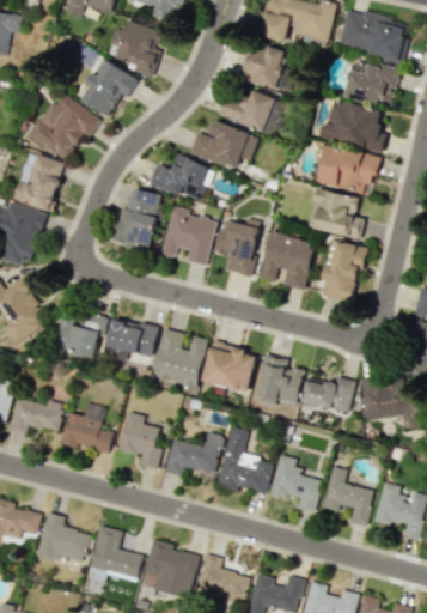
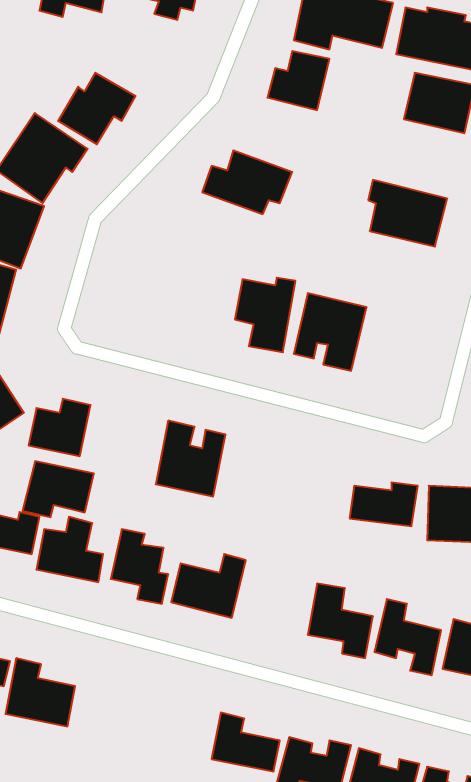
building: [111,19,161,77] -> none
building: [219,89,276,131] -> none
building: [323,101,386,148] -> none
building: [150,154,211,200] -> none
building: [112,187,161,249] -> none
building: [313,189,362,237] -> none
building: [161,208,216,265] -> none
building: [319,241,366,302] -> none
building: [104,317,159,360] -> [23,461,94,517]
building: [203,342,256,390] -> none
building: [257,354,304,406] -> none
building: [215,425,273,493] -> none
building: [87,526,142,581] -> none
building: [141,539,199,601] -> none

